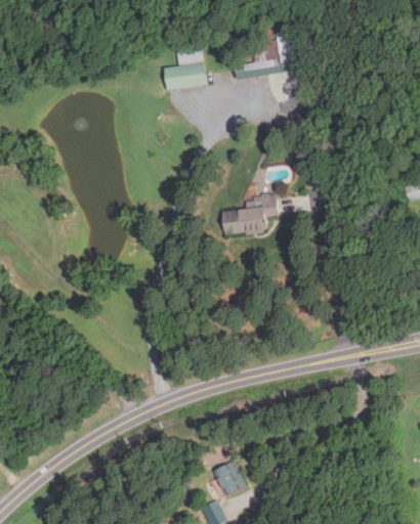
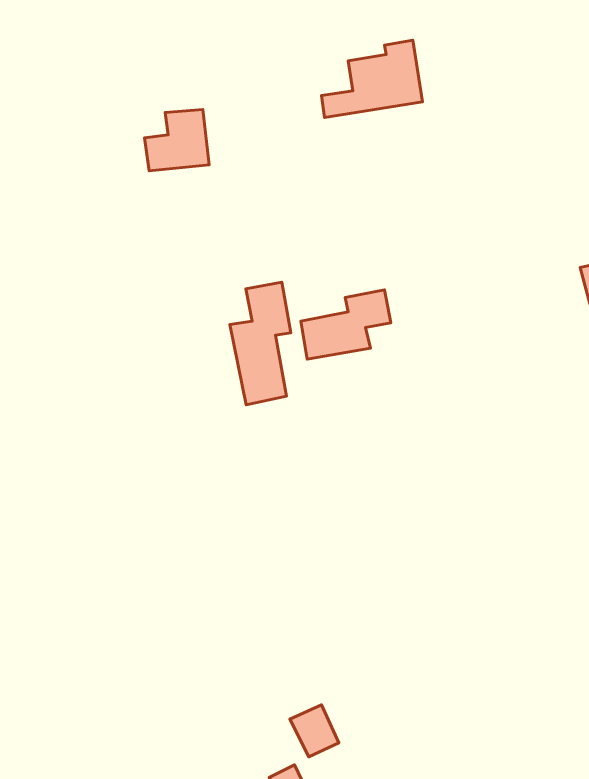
building: [164,49,206,89] -> [145,109,209,171]
building: none -> [230,282,291,405]

